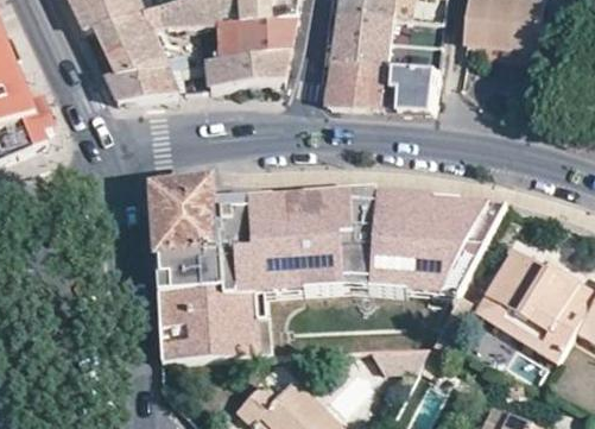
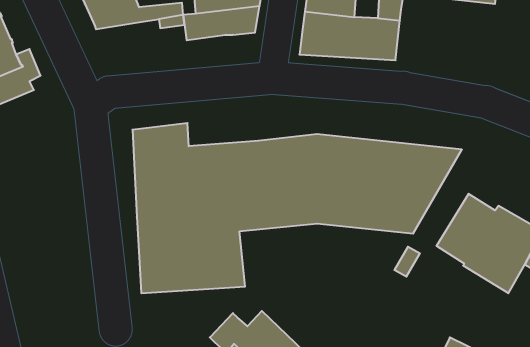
building: [102,65,175,100] -> none

